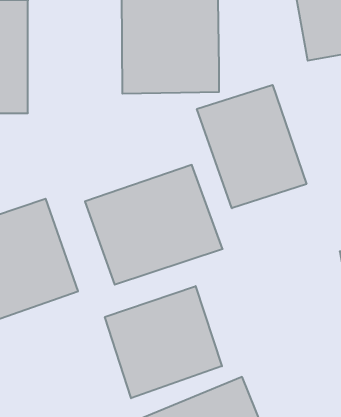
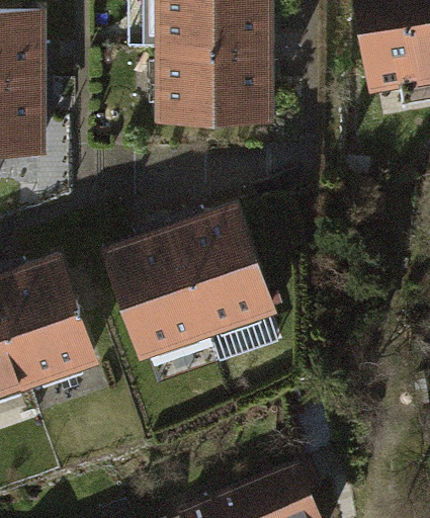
building: [197,85,306,208] -> none
building: [105,286,222,398] -> none

